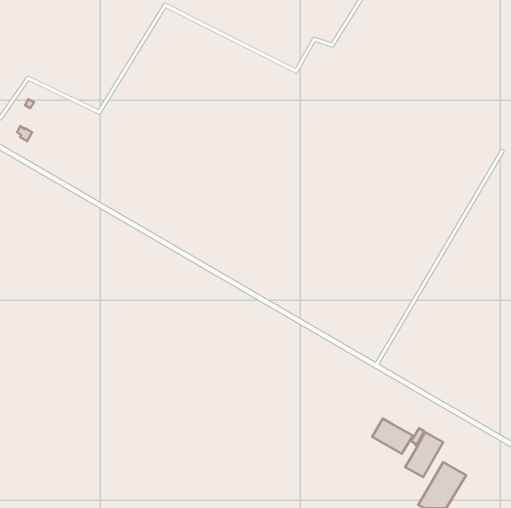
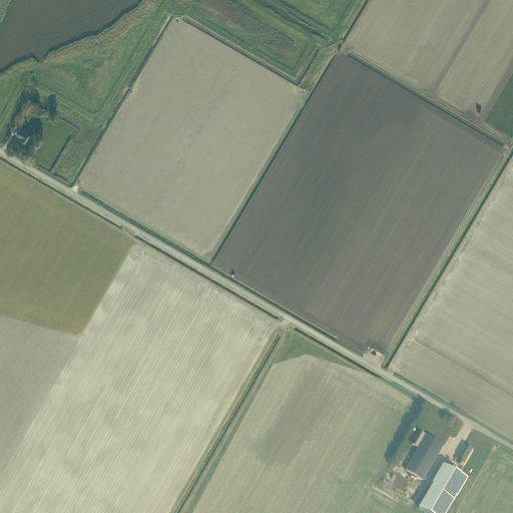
building: [372,418,413,454] -> none

